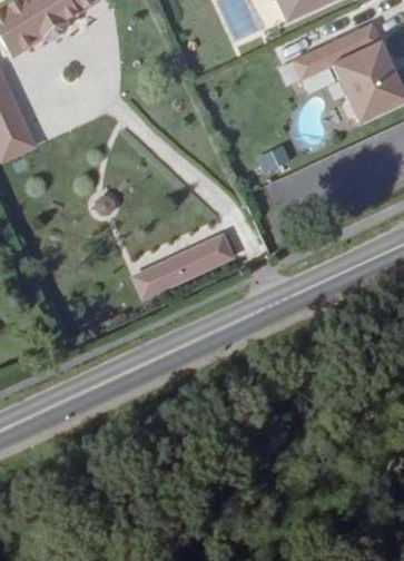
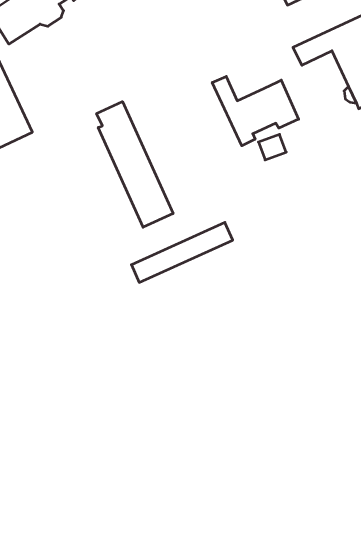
building: none -> [212,76,299,146]
building: none -> [97,102,173,227]

